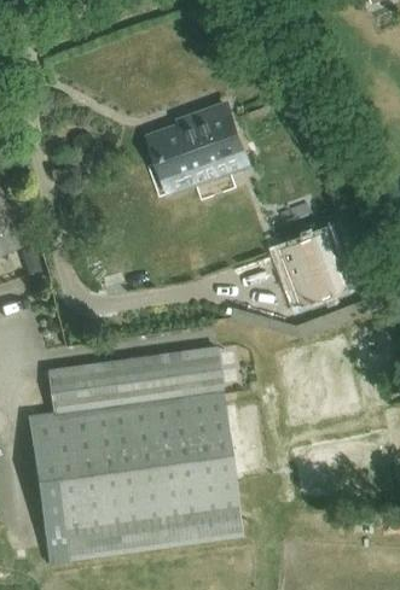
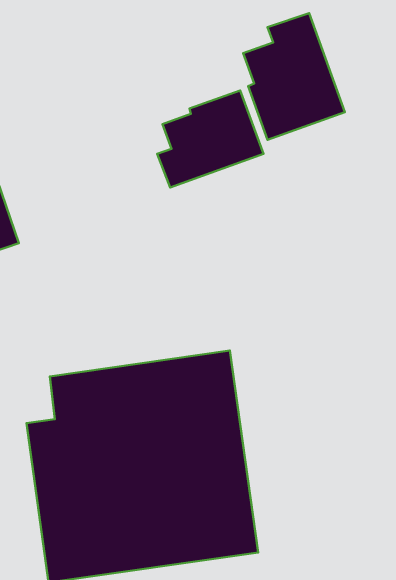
building: none -> [243,13,345,140]
building: [283,229,352,304] -> none

